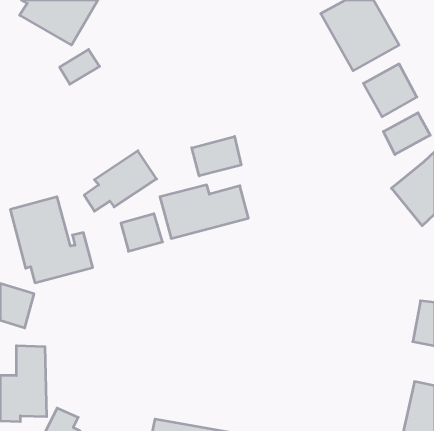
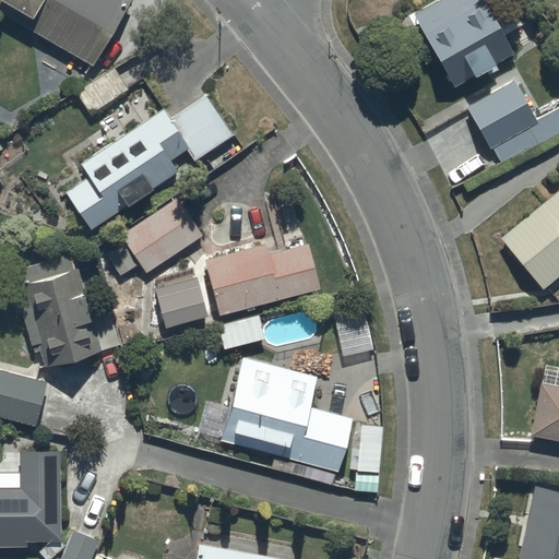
building: none -> [67,93,236,229]
building: [383,113,430,155] -> none
building: [192,136,241,176] -> none
building: none -> [200,356,353,471]

